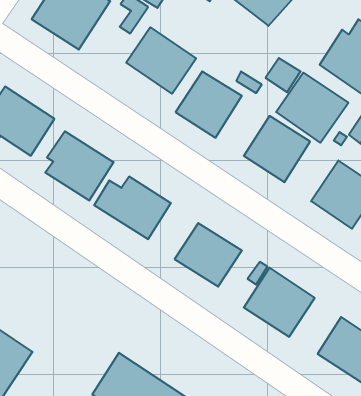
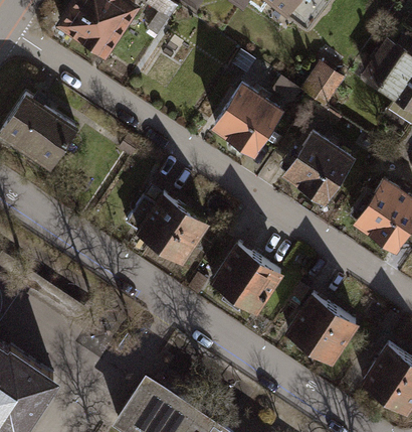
building: [126,27,196,94] -> none
building: [276,73,348,143] -> none
building: [45,131,114,201] -> none

